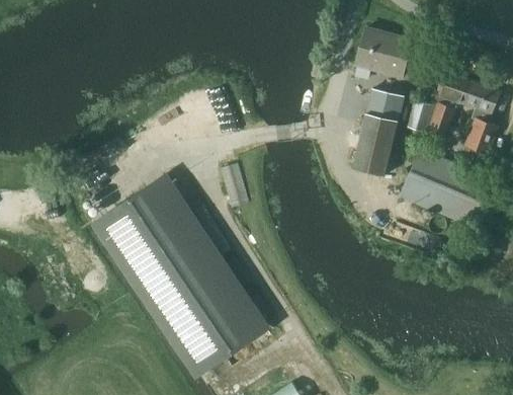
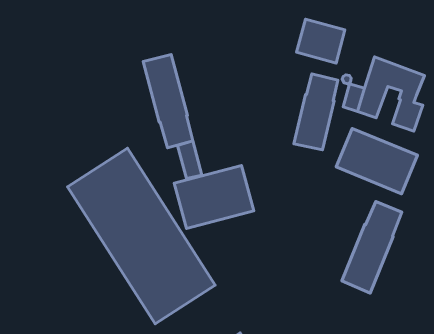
building: none -> [143,55,193,148]
building: none -> [174,166,254,229]
building: none -> [342,202,402,293]

